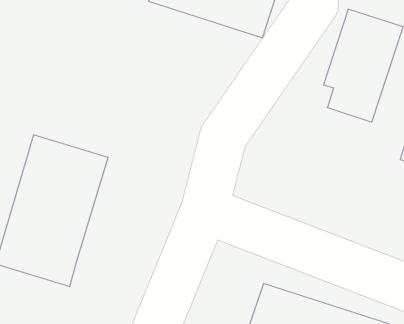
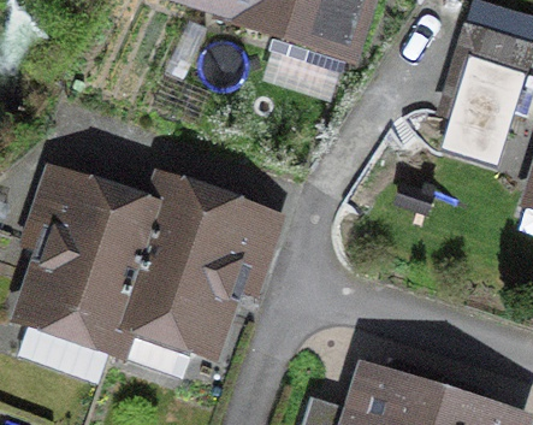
building: none -> [131,176,263,359]

